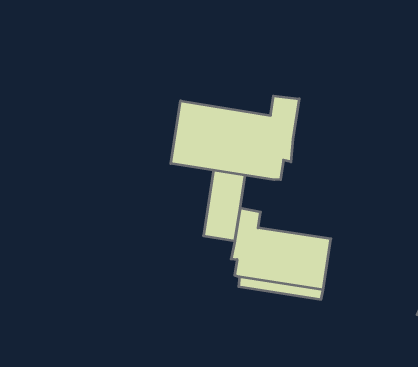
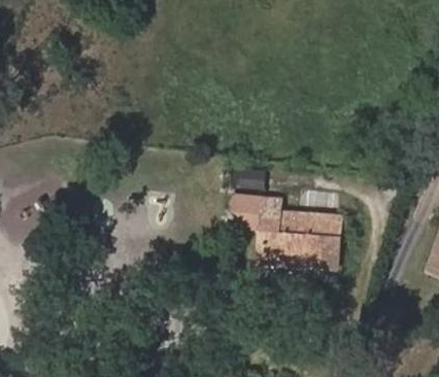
building: [171,96,299,180] -> none

